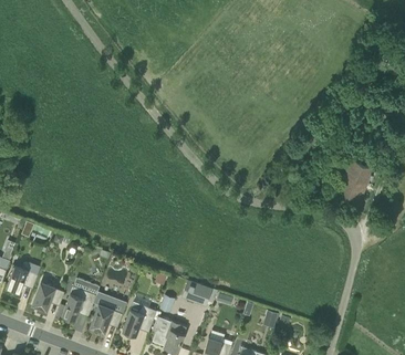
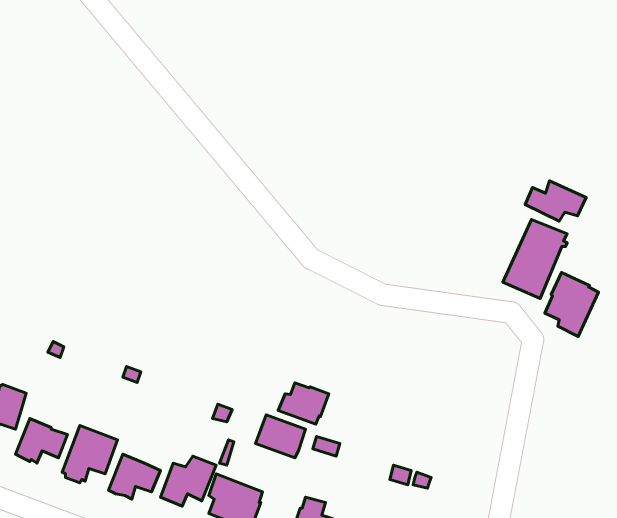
building: none -> [525,181,586,221]
building: none -> [545,272,599,336]
building: none -> [278,383,329,424]

